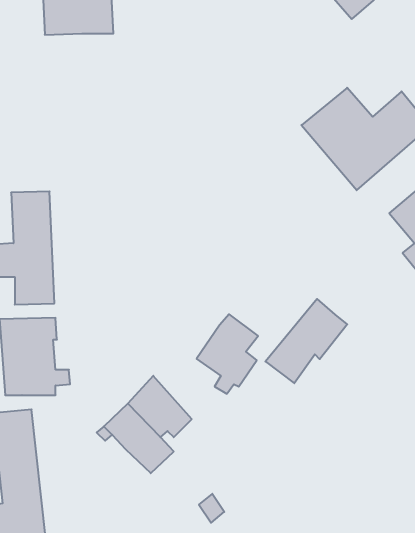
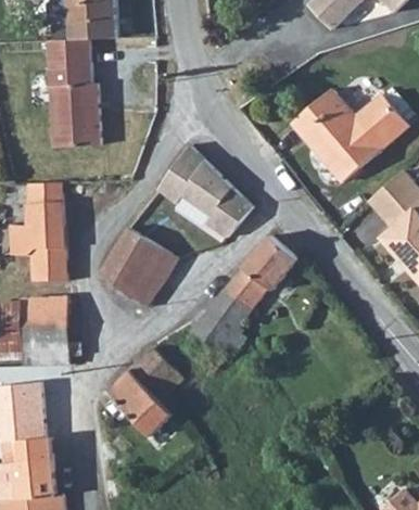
building: none -> [48,40,99,145]
building: none -> [160,144,252,235]
building: none -> [97,228,177,307]
building: [265,299,347,383] -> [221,237,295,313]

